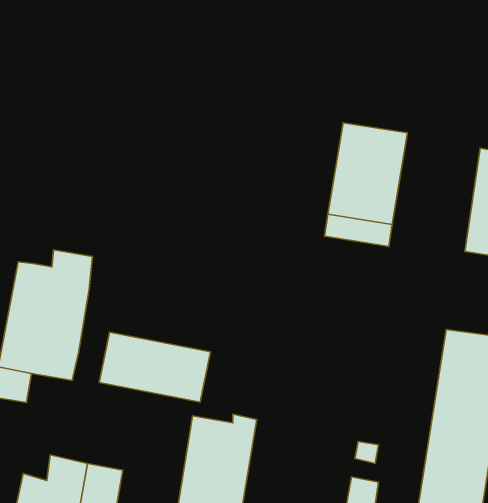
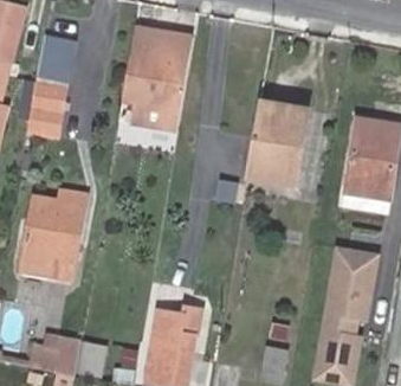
building: none -> [121,28,193,131]
building: none -> [32,41,75,137]
building: [99,332,211,402] -> none

